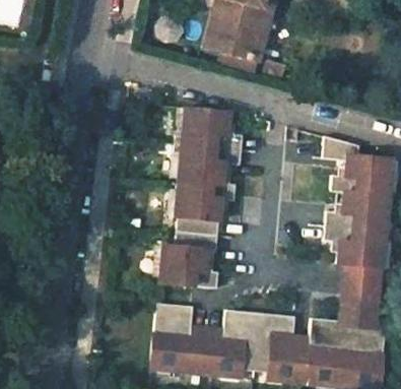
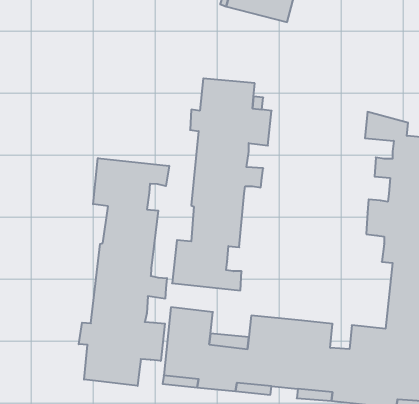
building: none -> [79,158,169,386]

